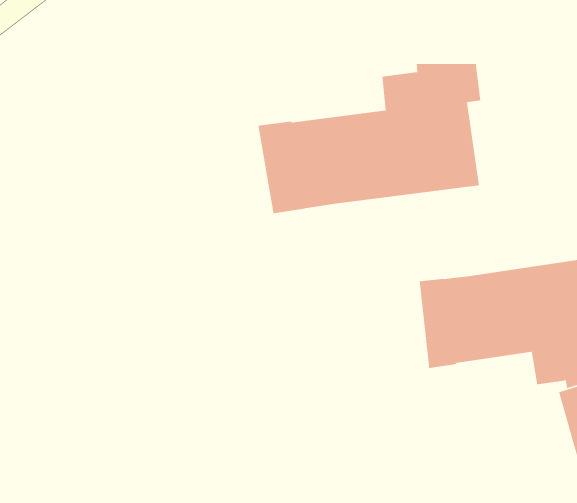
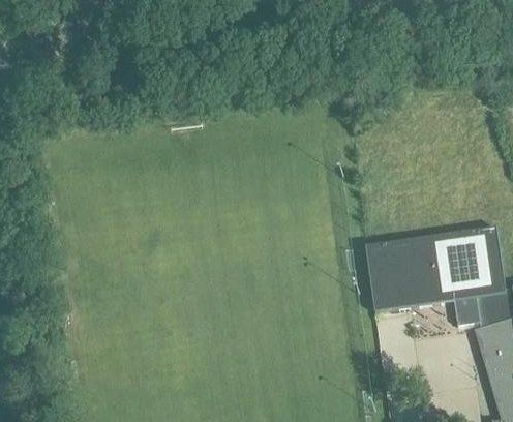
building: [257,63,481,214] -> none

